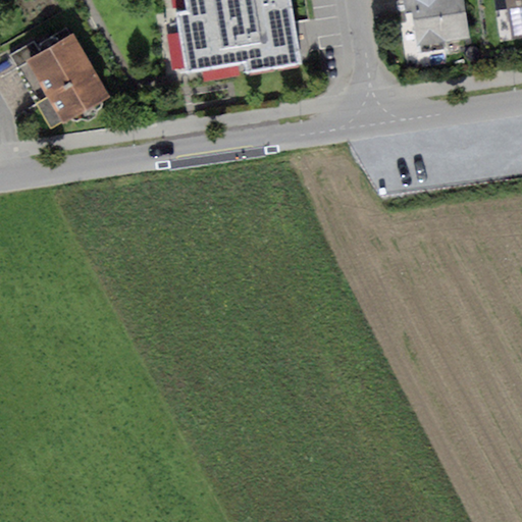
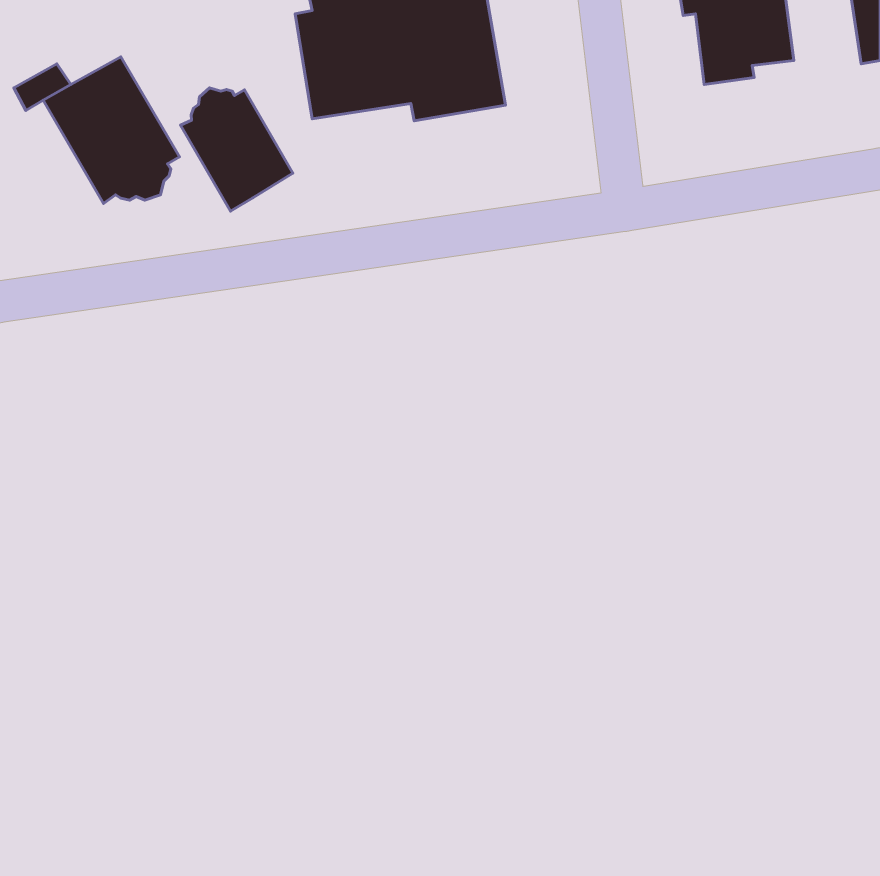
building: none -> [180,88,293,211]

